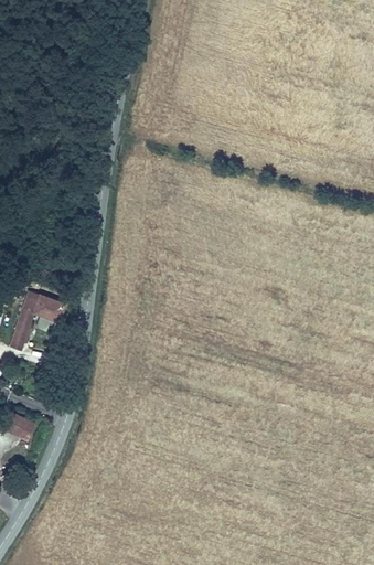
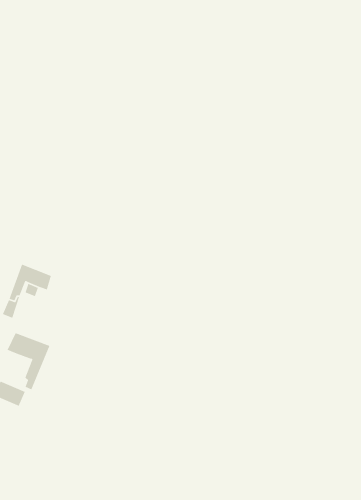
building: none -> [6,332,50,390]

